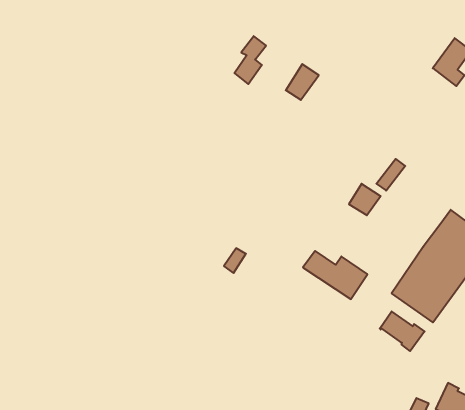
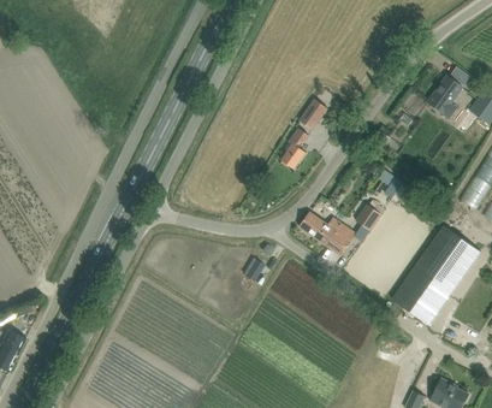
building: [234,36,266,84] -> [280,125,308,167]
building: [303,251,367,299] -> [298,211,355,253]
building: [380,311,425,351] -> none

